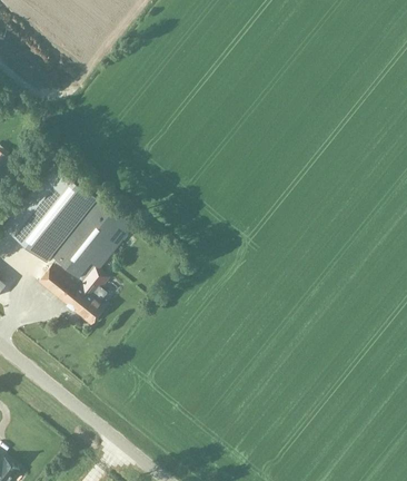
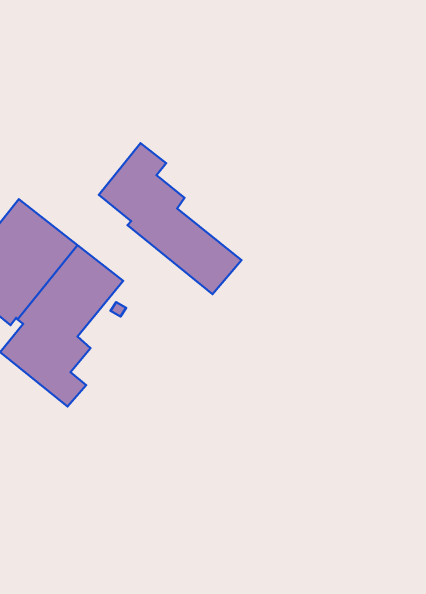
building: none -> [99,143,241,294]

